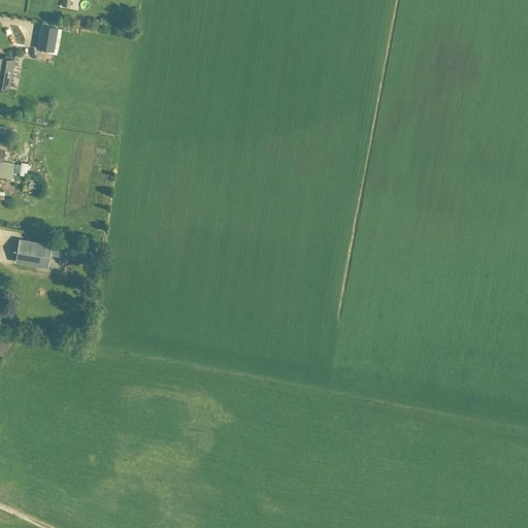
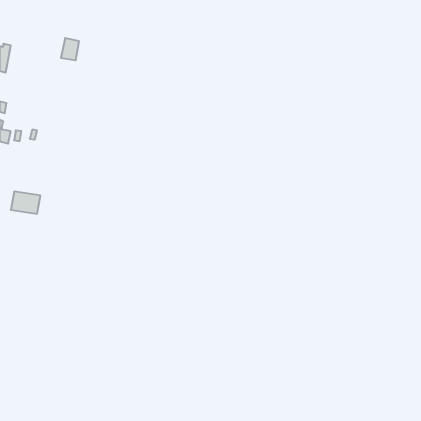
building: [34,24,57,52] -> [61,38,79,60]

